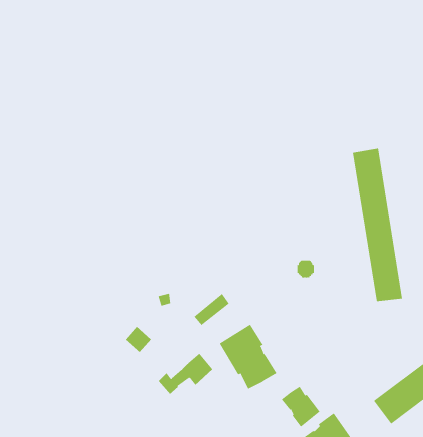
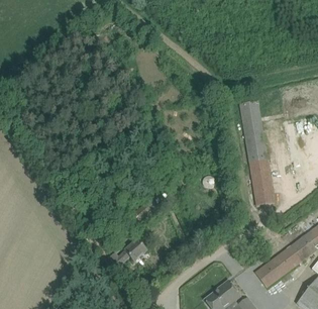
building: [219,324,278,390] -> none
building: [281,386,321,427] -> none

